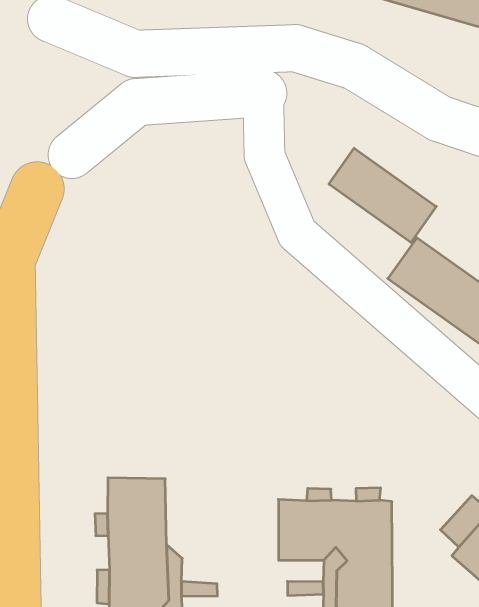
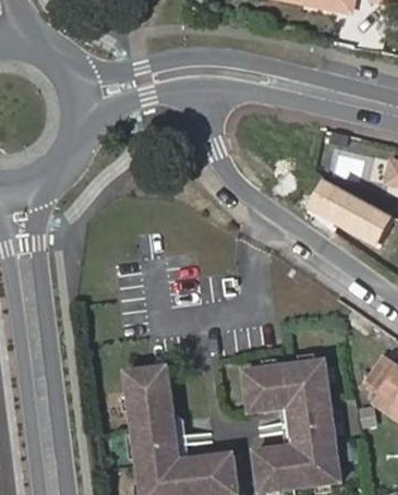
building: [329,148,436,242] -> none

